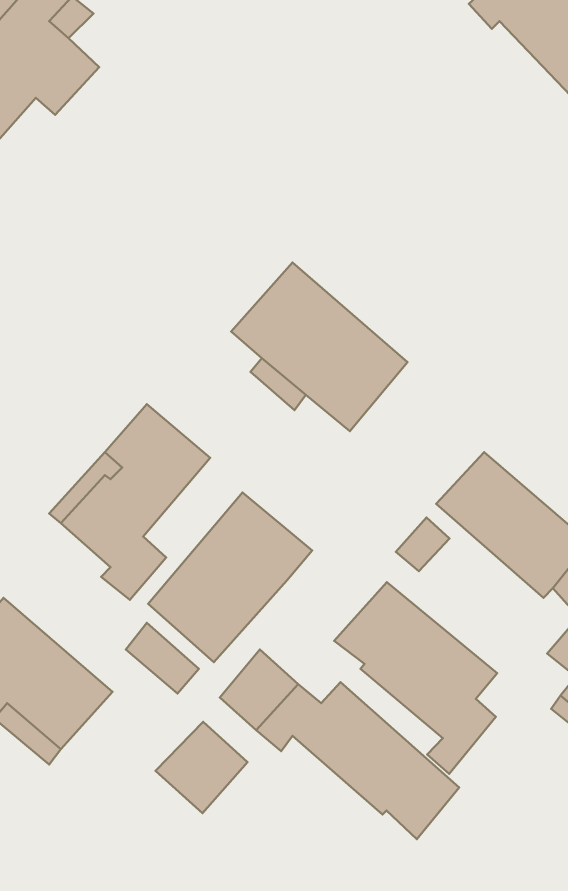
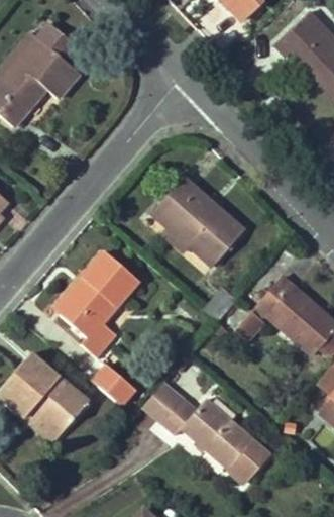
building: [148,493,312,662] -> none
building: [334,582,497,774] -> none
building: [155,722,248,813] -> none

